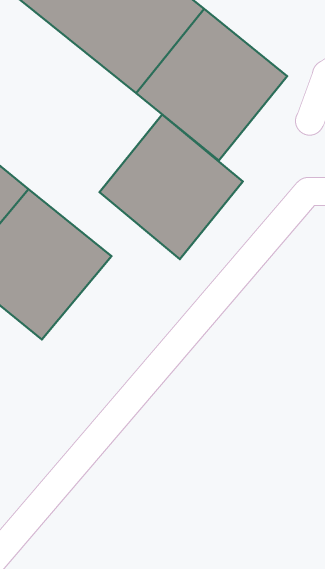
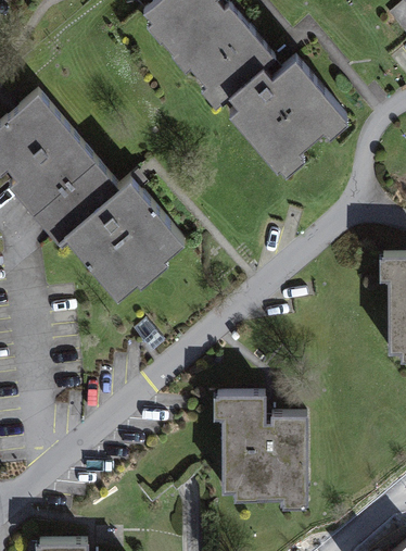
building: [99,114,243,259] -> none
building: none -> [211,391,310,491]

